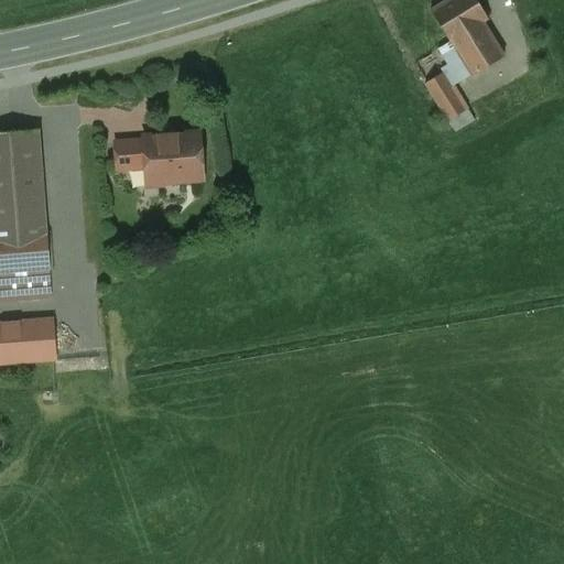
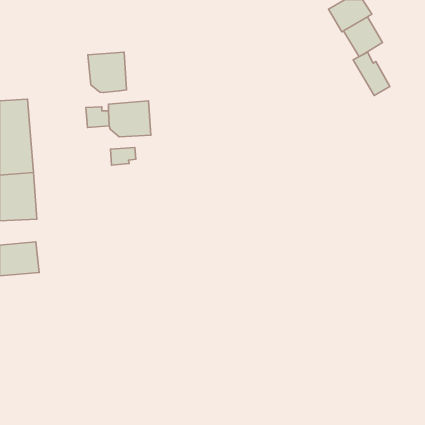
building: none -> [88,52,127,92]
building: [425,70,474,128] -> [353,52,390,96]
building: none -> [110,147,136,165]

